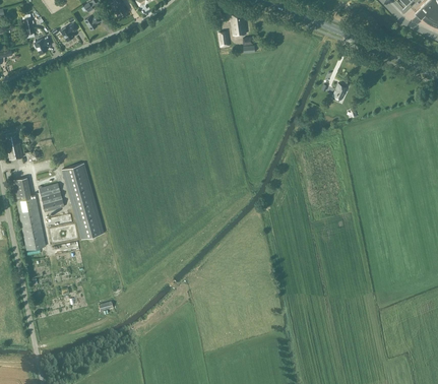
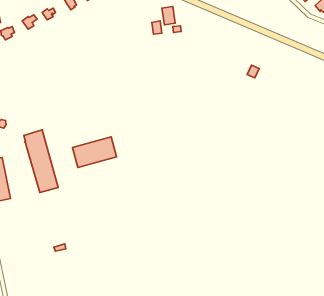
building: none -> [73,137,117,168]
building: [39,183,65,212] -> none

